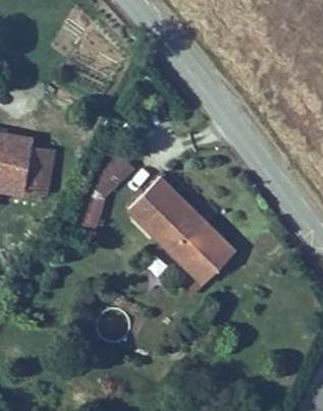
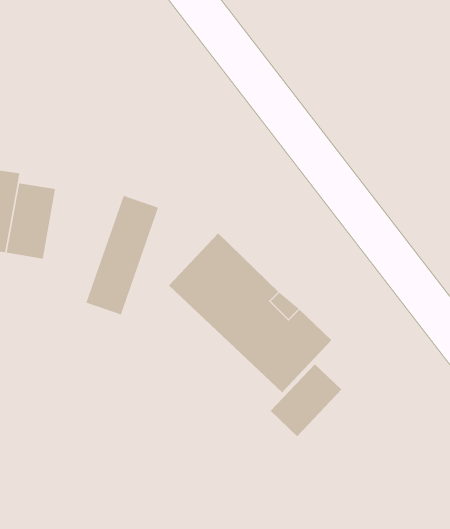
building: none -> [270,363,342,437]

